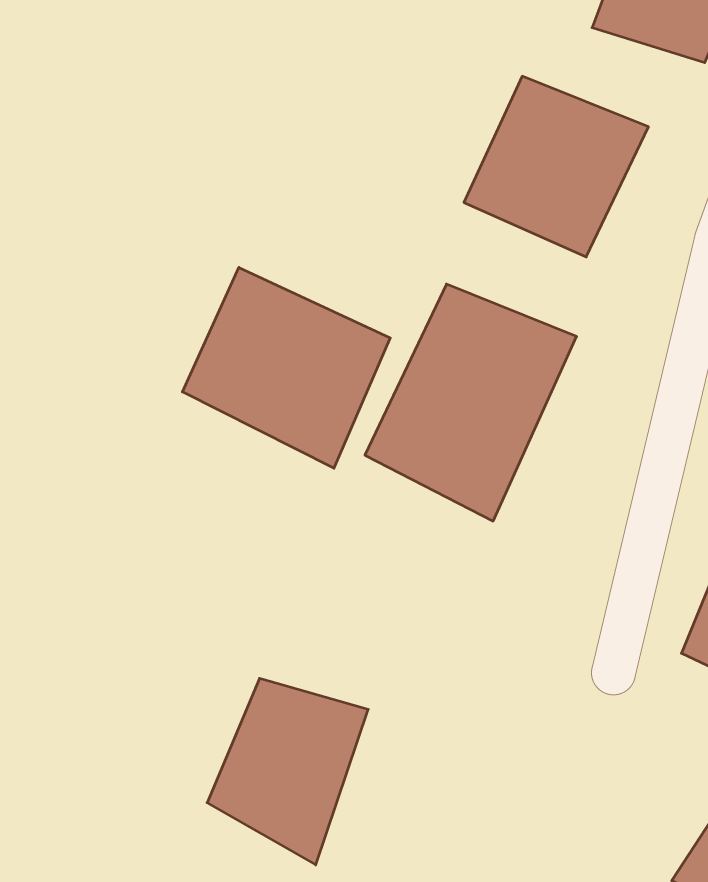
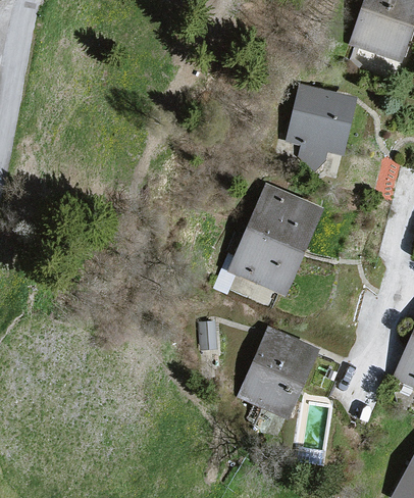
building: [182,267,390,468] -> none
building: [207,678,368,865] -> [236,329,320,427]

